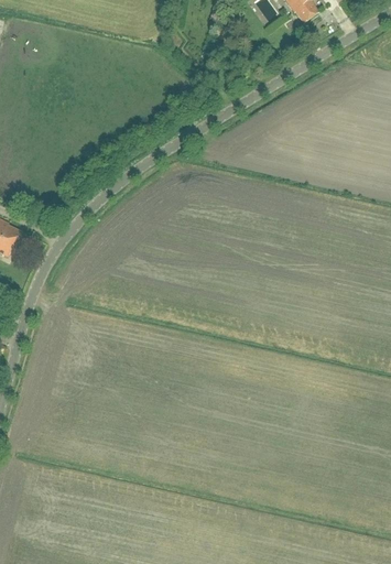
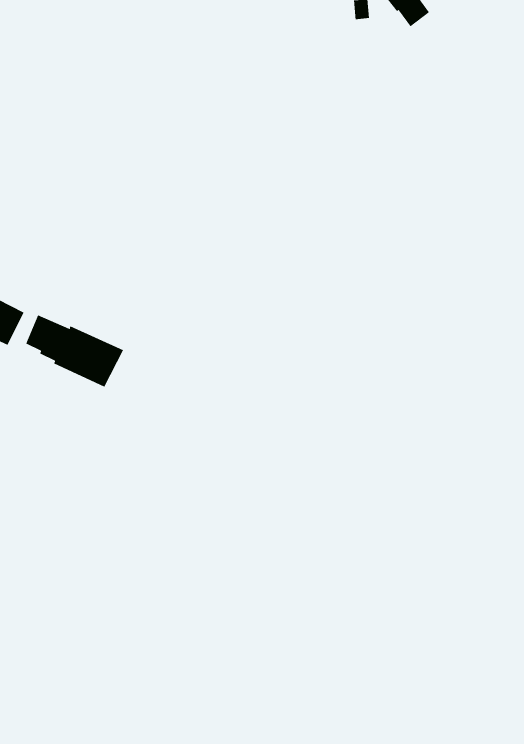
building: none -> [25,314,124,388]

